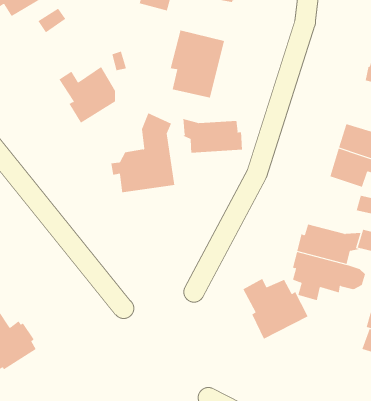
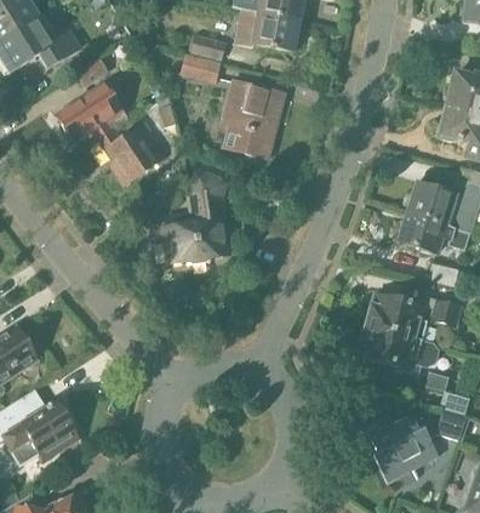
building: none -> [179,55,219,85]
building: none -> [58,87,126,139]
building: [180,118,242,154] -> none
building: [243,278,309,340] -> [365,414,438,481]

